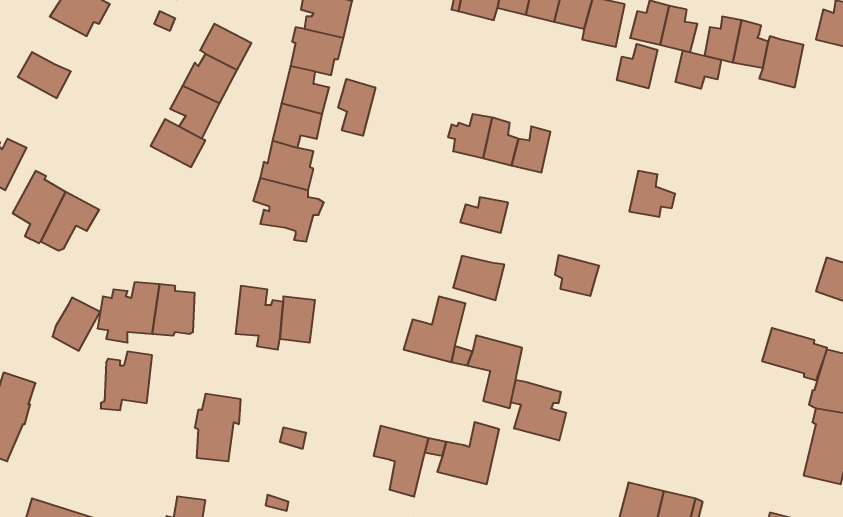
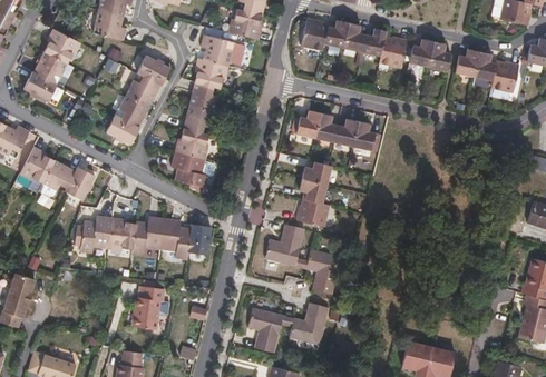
building: none -> [32,49,67,79]
building: [617,44,658,88] -> none
building: [676,50,721,89] -> none
building: [338,79,375,136] -> none
building: [629,171,675,217] -> [353,121,382,150]
building: [555,255,599,296] -> [300,178,328,204]
building: [52,298,100,351] -> [65,166,95,199]
building: [762,328,827,380] -> none
building: [101,352,152,410] -> [131,216,164,252]
building: [511,380,566,441] -> none

